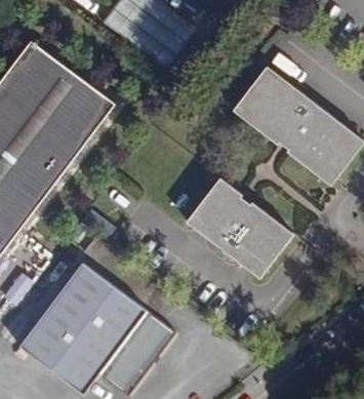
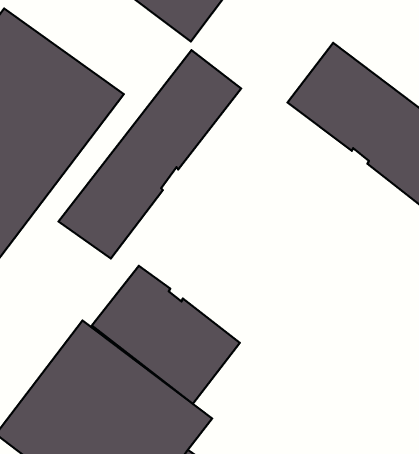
building: none -> [58,50,241,258]
building: [185,176,291,276] -> [92,266,240,404]

